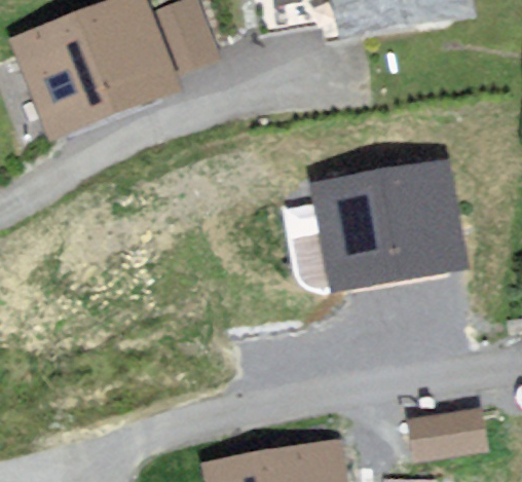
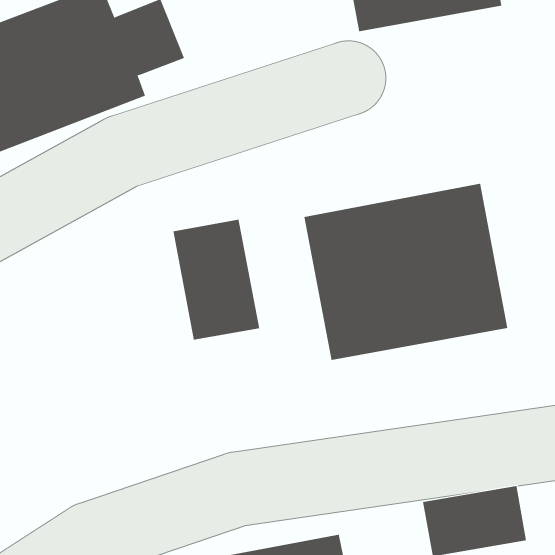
building: none -> [173,219,260,341]

